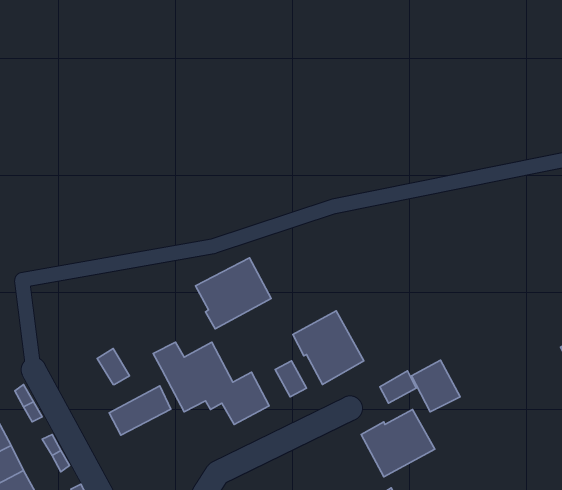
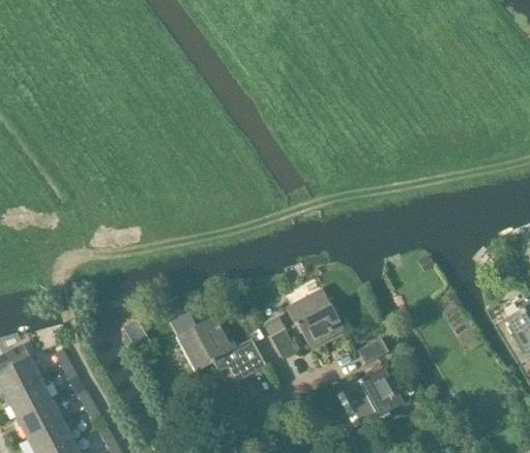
building: [195,258,271,329] -> none
building: [412,360,460,412] -> none
building: [109,386,171,435] -> none

